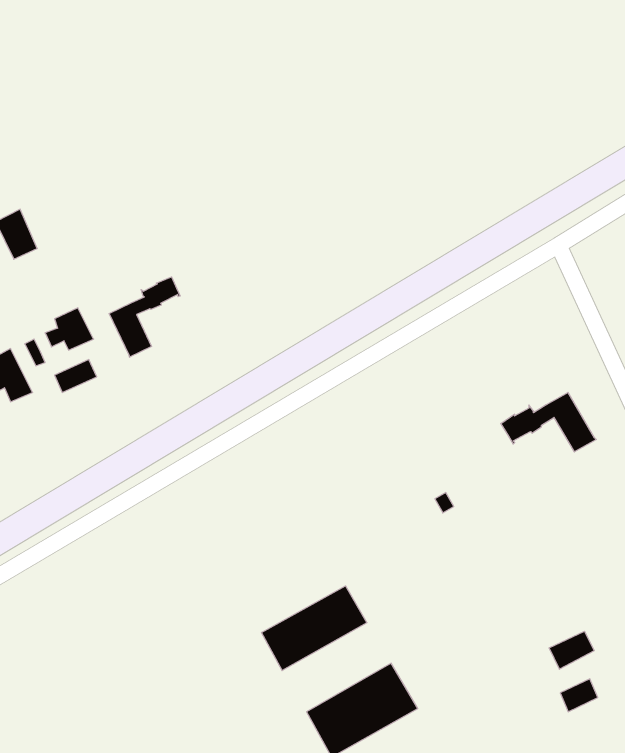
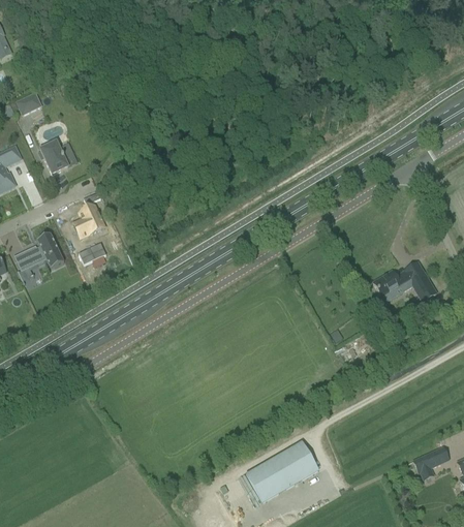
building: [109,277,180,357] -> none
building: [262,586,367,671] -> none
building: [549,631,594,669] -> none

